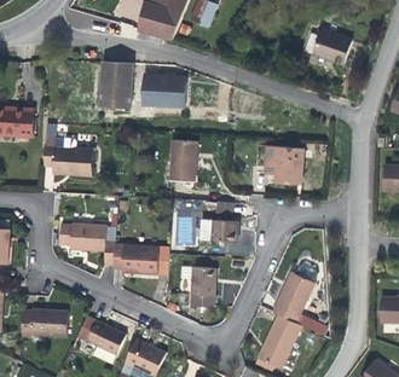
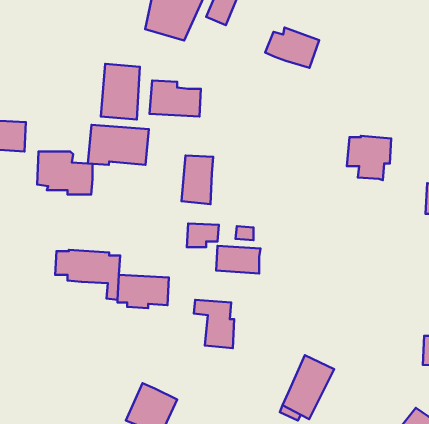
building: [305,29,352,64] -> [265,28,319,68]
building: none -> [88,125,149,165]
building: [265,146,303,185] -> [347,136,391,180]
building: [272,272,314,329] -> none
building: [21,308,68,337] -> none
building: [86,320,126,364] -> none

